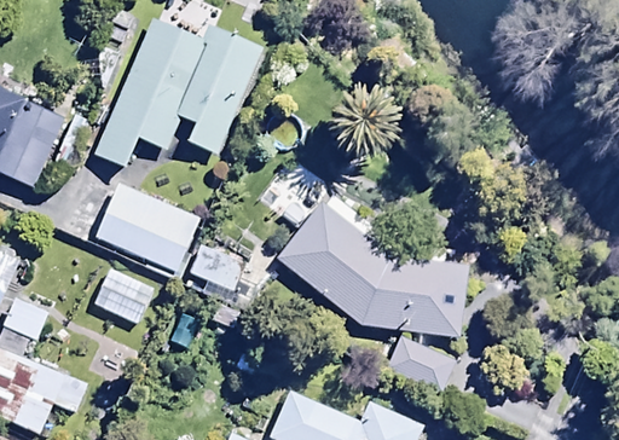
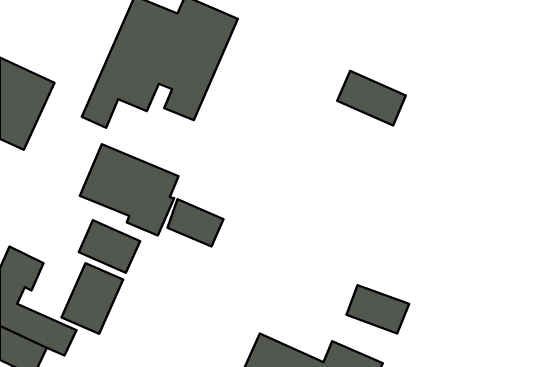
building: none -> [337,71,406,125]
building: [276,202,463,335] -> none
building: none -> [62,263,123,334]

